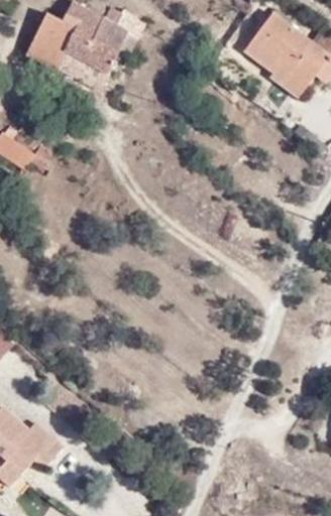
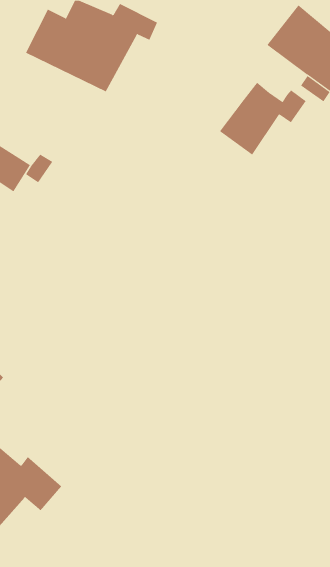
building: none -> [219,82,306,156]

